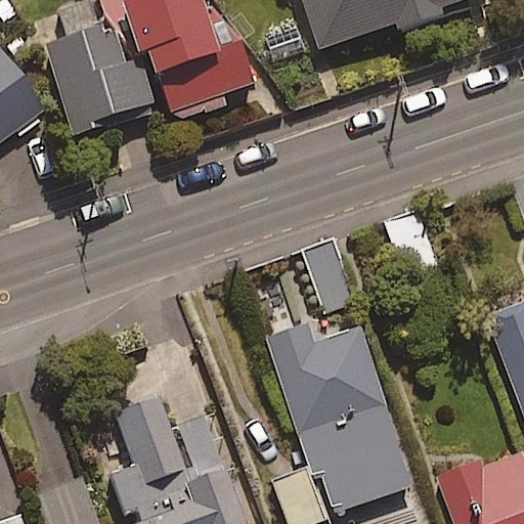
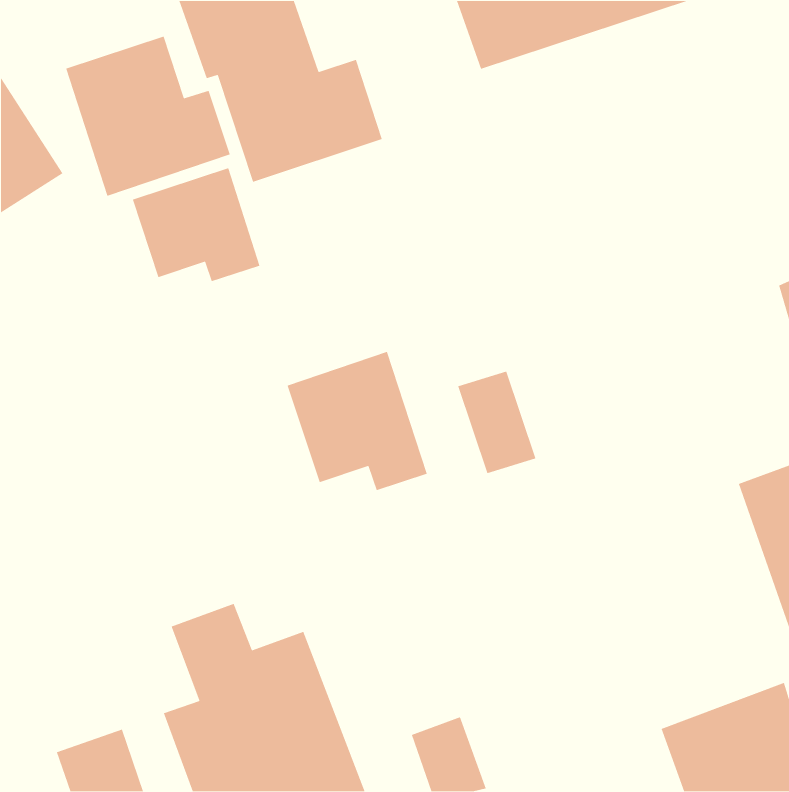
building: none -> [132,167,260,282]
building: none -> [286,351,428,491]
building: [267,324,410,515] -> none

